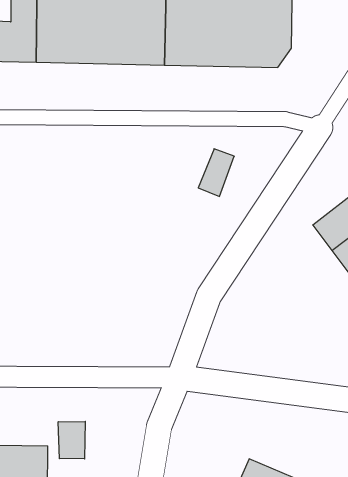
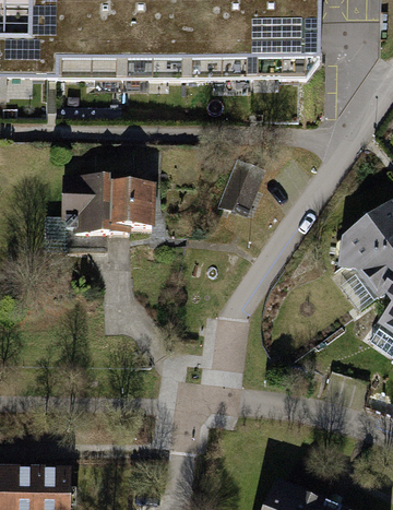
building: none -> [60,173,152,230]
building: [58,421,85,459] -> none

